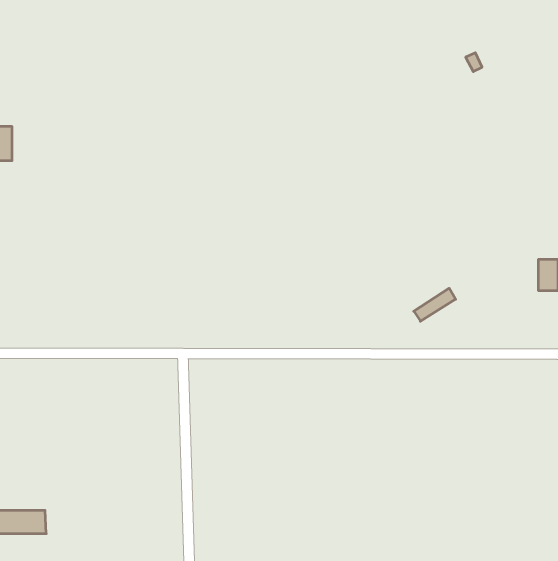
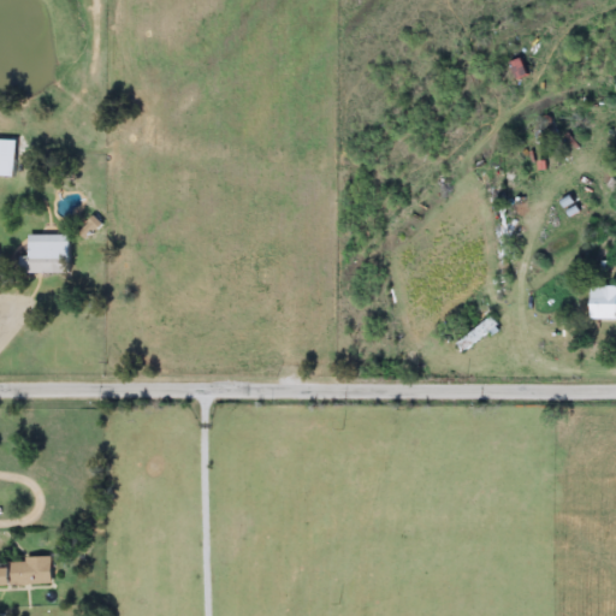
building: none -> [26,235,66,272]

